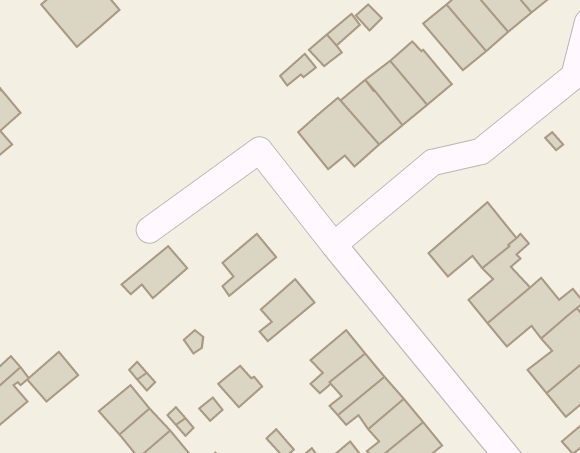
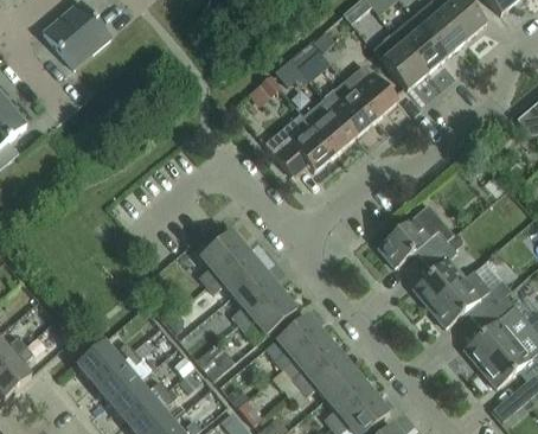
building: [121,246,187,298] -> [206,250,263,295]
building: none -> [239,289,296,334]
building: [27,352,78,401] -> [77,340,121,383]

